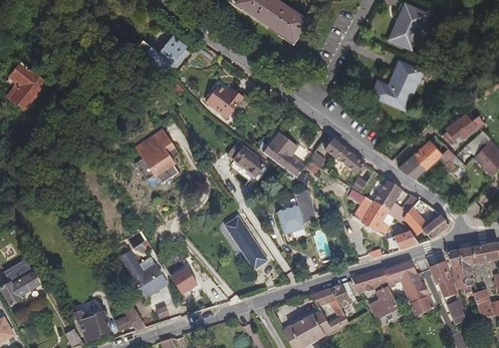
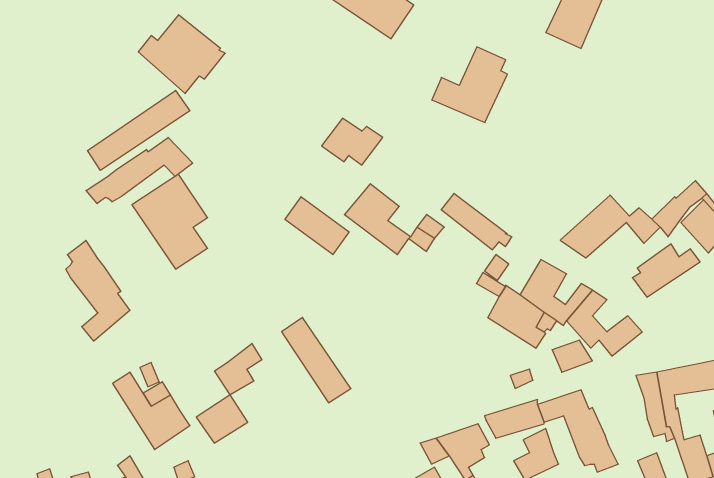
building: [371,61,419,108] -> [432,47,507,123]
building: none -> [88,90,190,170]
building: [206,84,244,113] -> [322,118,383,165]
building: none -> [86,137,193,204]
building: [443,112,485,145] -> [632,244,700,297]
building: none -> [66,240,130,341]
building: [276,189,317,235] -> none
building: none -> [215,343,262,395]
building: [430,253,456,298] -> none

